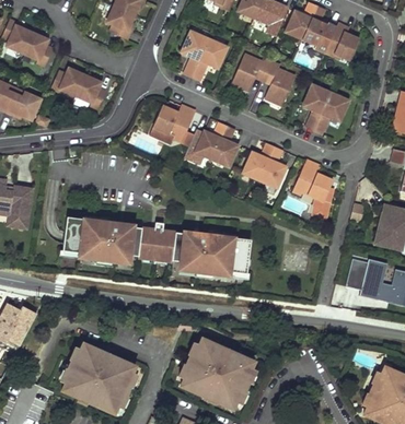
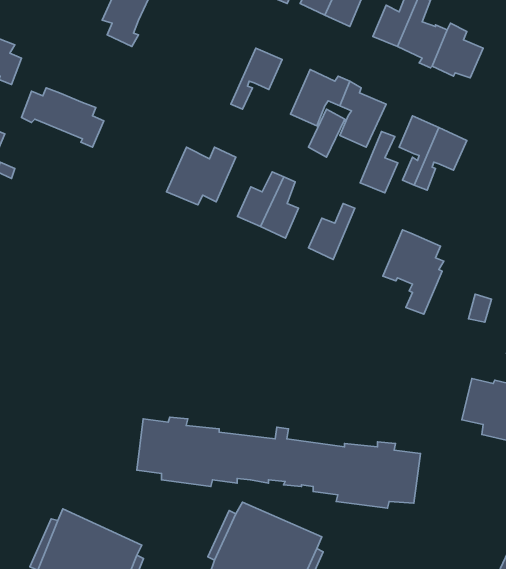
building: [183,32,209,76] -> none
building: [261,145,286,186] -> [360,132,398,193]
building: [63,215,252,275] -> [137,417,420,508]

